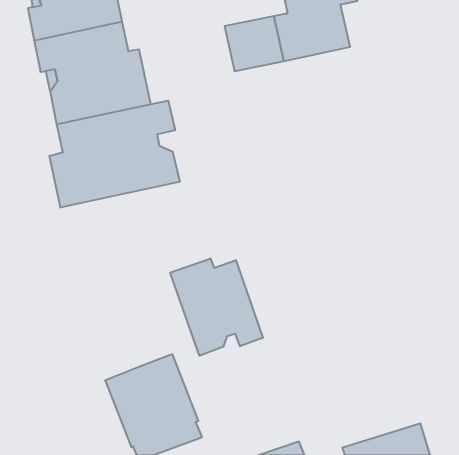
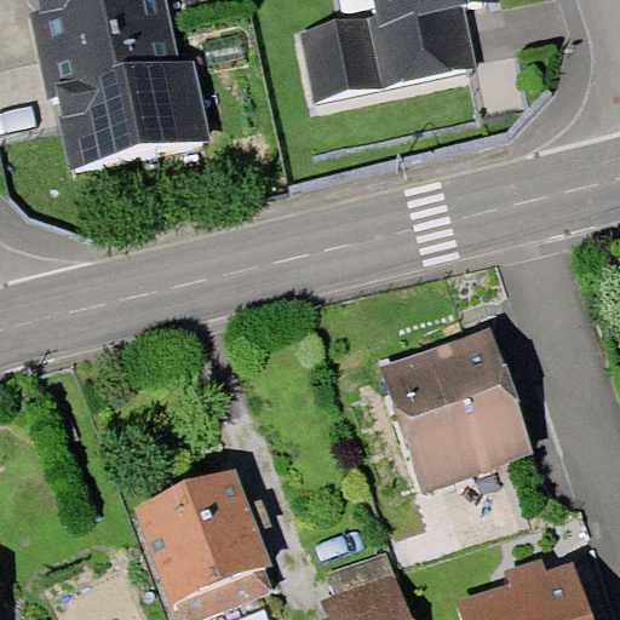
building: [49,101,180,208] -> none
building: none -> [385,337,532,487]
building: [170,258,263,356] -> none

